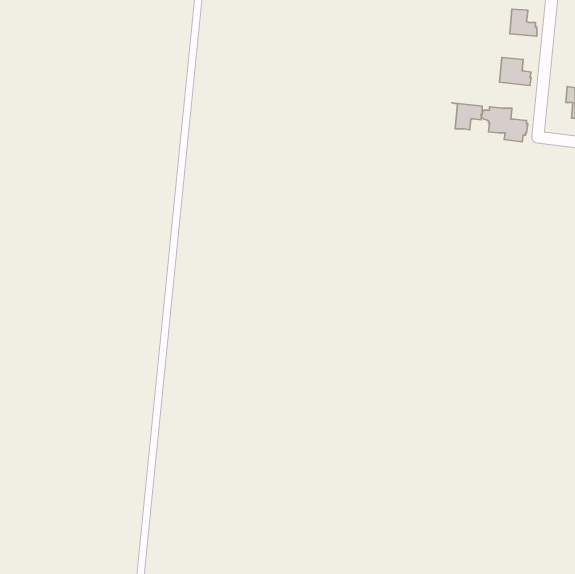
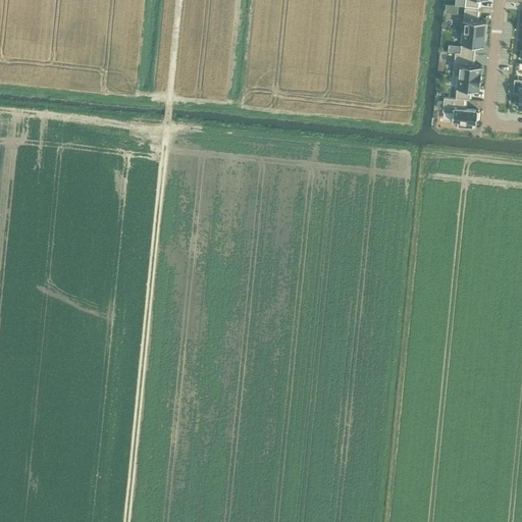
building: none -> [455,32,486,55]
building: [452,103,482,130] -> [453,75,480,100]

